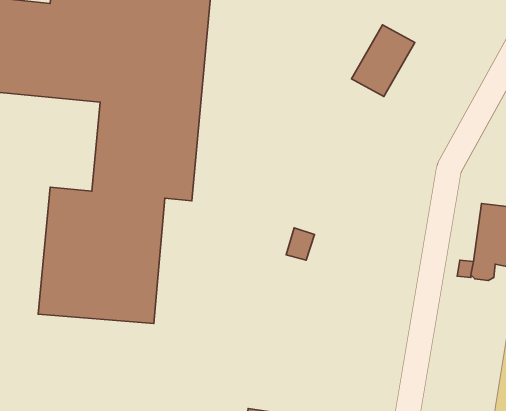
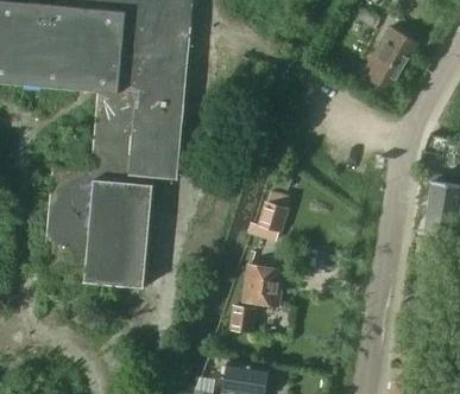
building: [352,25,415,96] -> [363,26,418,89]
building: none -> [231,263,283,331]

